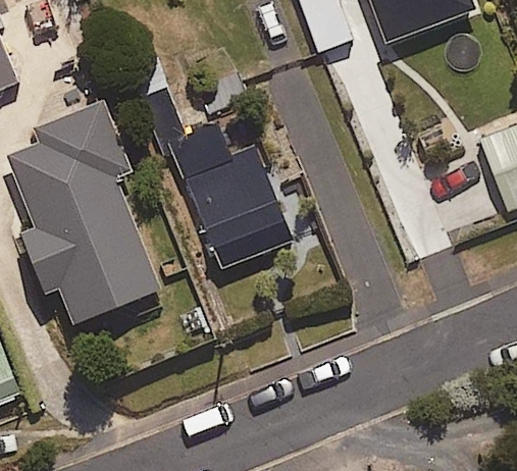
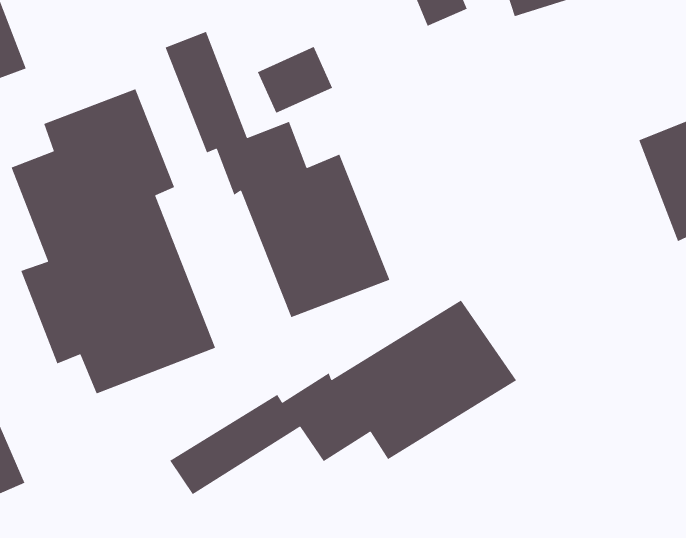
building: none -> [169,299,517,495]

